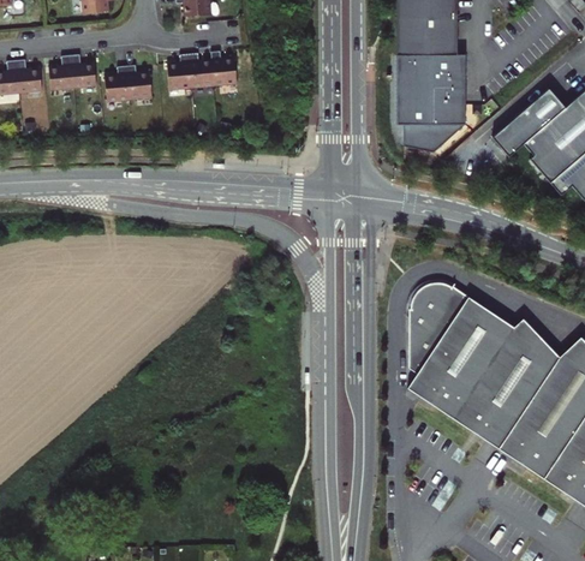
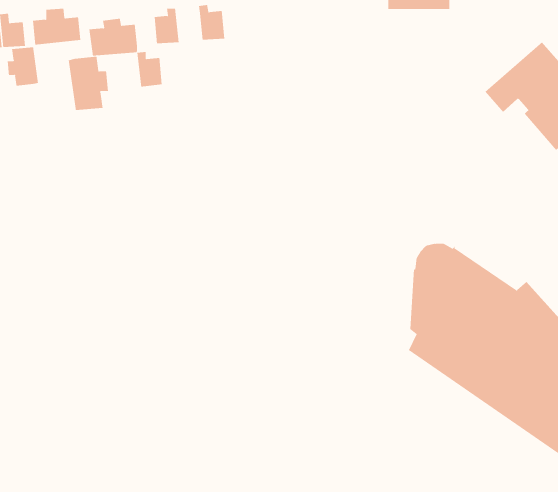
building: [189,54,214,89] -> [137,51,162,87]
building: [395,56,465,148] -> none
building: none -> [7,47,39,86]
building: none -> [68,56,108,111]

